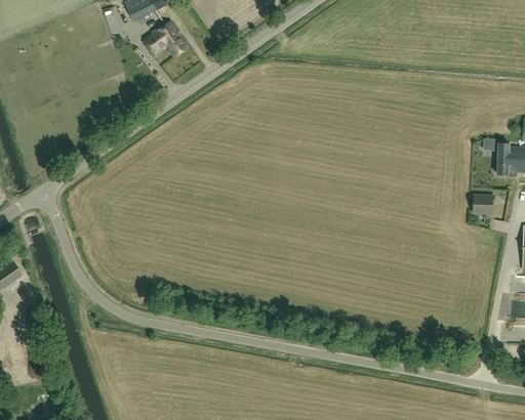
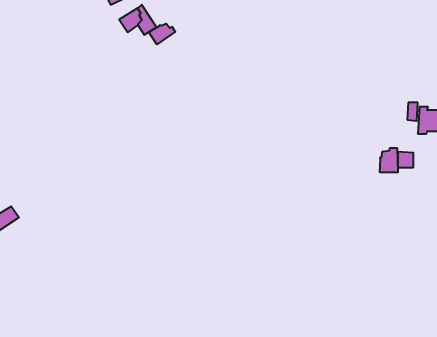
building: none -> [149,24,175,44]
building: none -> [380,148,398,172]

